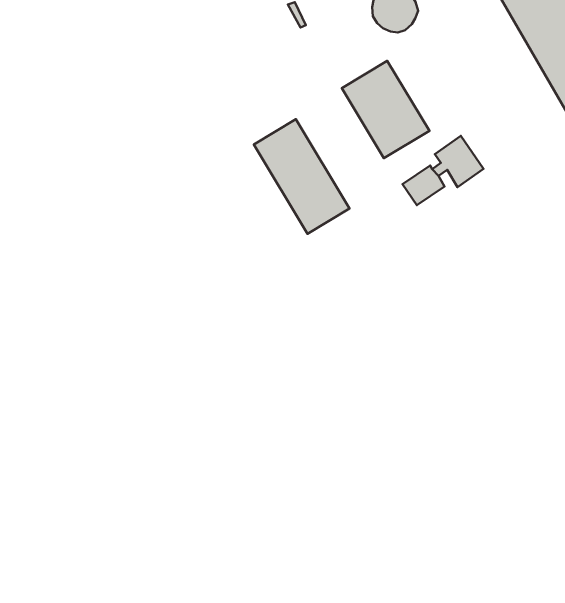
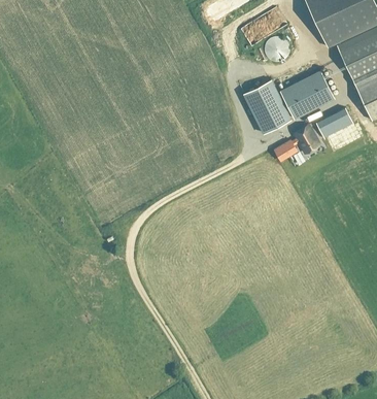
building: none -> [279,71,334,119]
building: none -> [315,108,352,138]
building: [254,119,350,234] -> none

